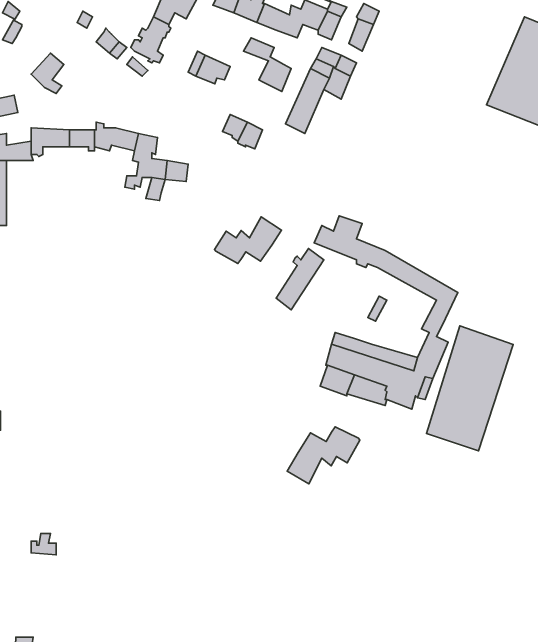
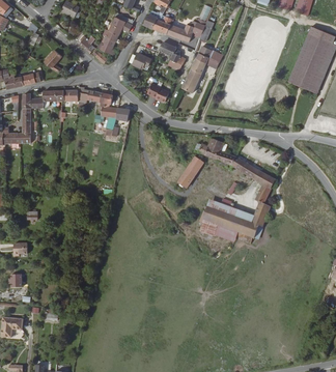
building: [215,217,281,264] -> none
building: [427,326,513,451] -> none
building: [287,427,360,484] -> none

